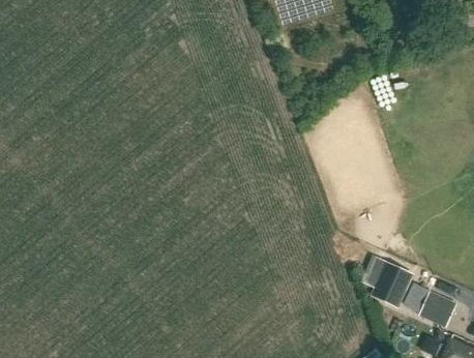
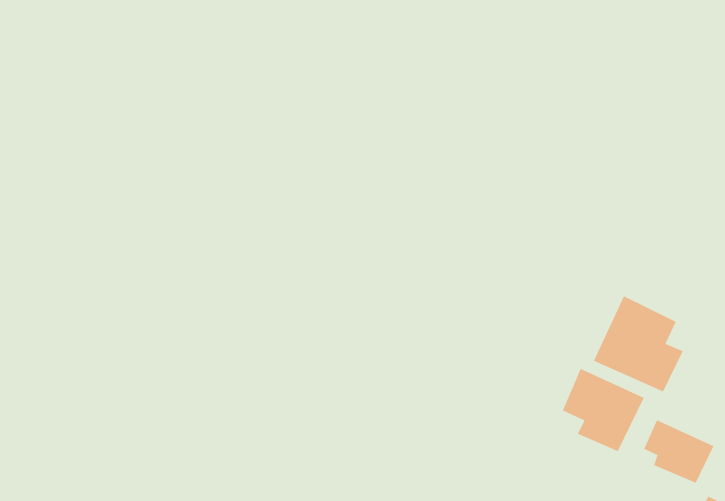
building: none -> [593,295,684,392]

